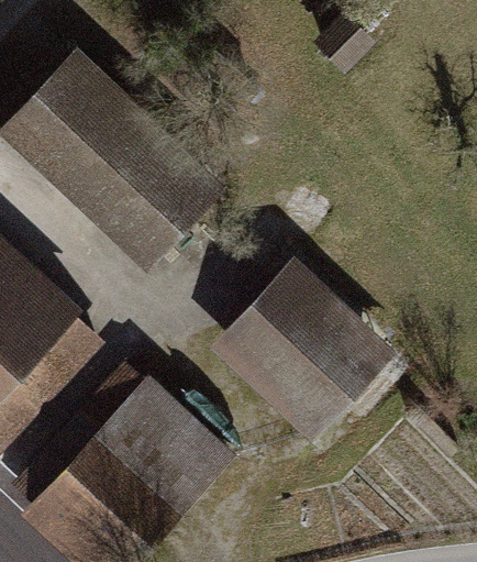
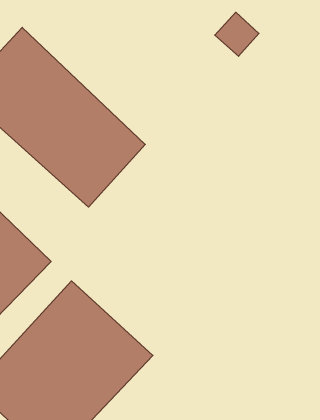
building: [211,261,389,438] -> none

